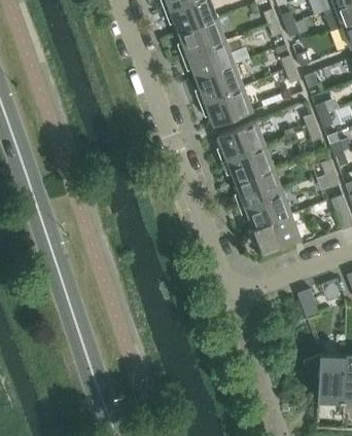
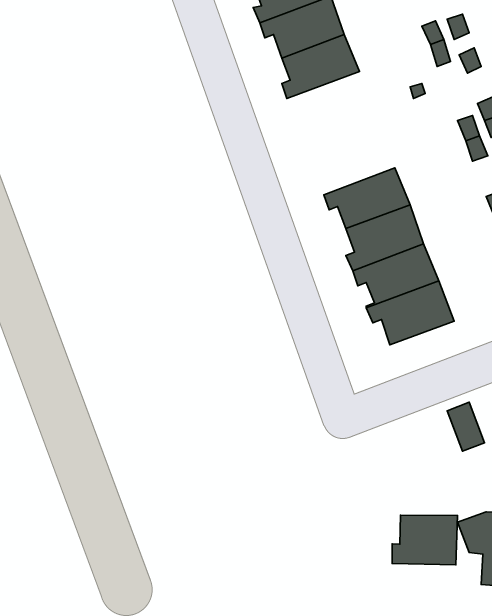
building: [199,87,252,126] -> none
building: [217,121,265,162] -> none
building: none -> [392,515,458,565]

